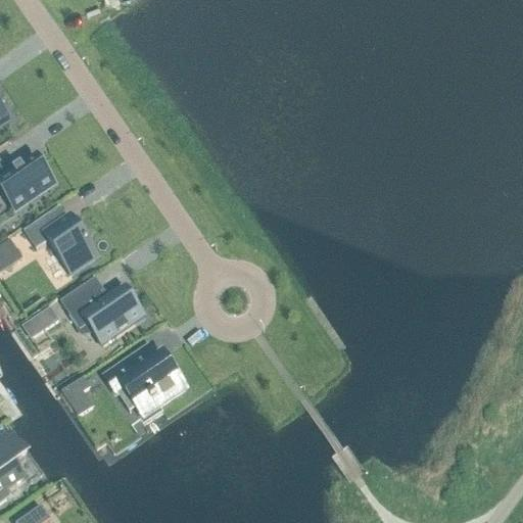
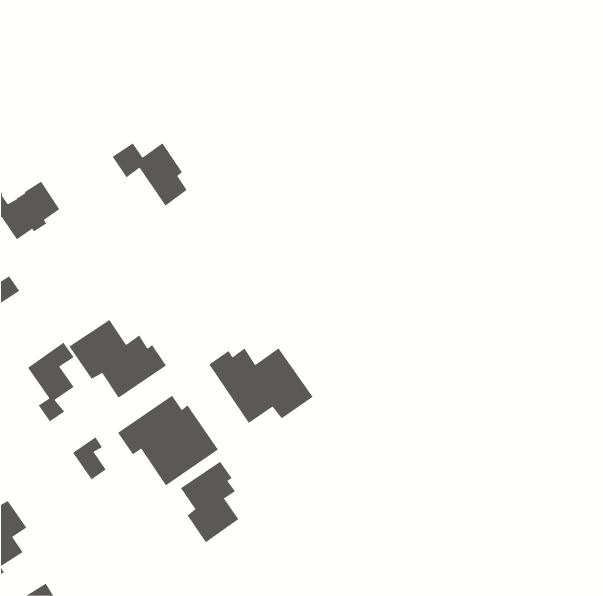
building: [28,215,93,270] -> [112,143,188,206]
building: none -> [208,348,313,424]
building: none -> [180,461,239,543]

